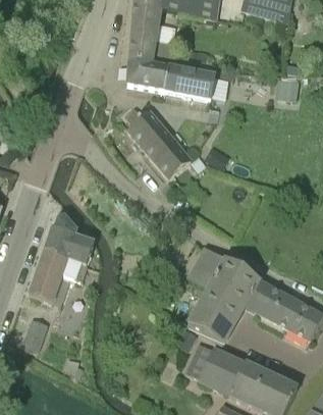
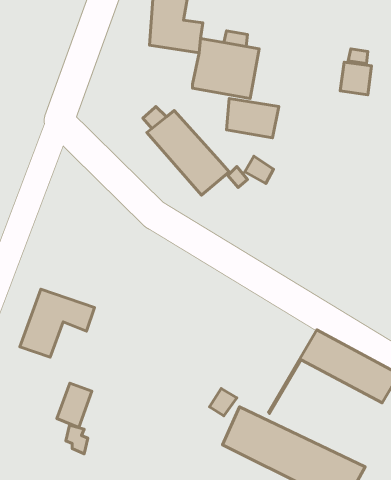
building: [127,59,168,90] -> [227,99,279,138]
building: [45,215,93,264] -> none
building: [185,245,260,346] -> none
building: [20,317,48,352] -> [57,383,92,428]

